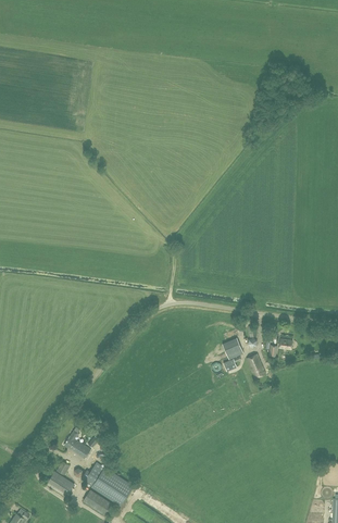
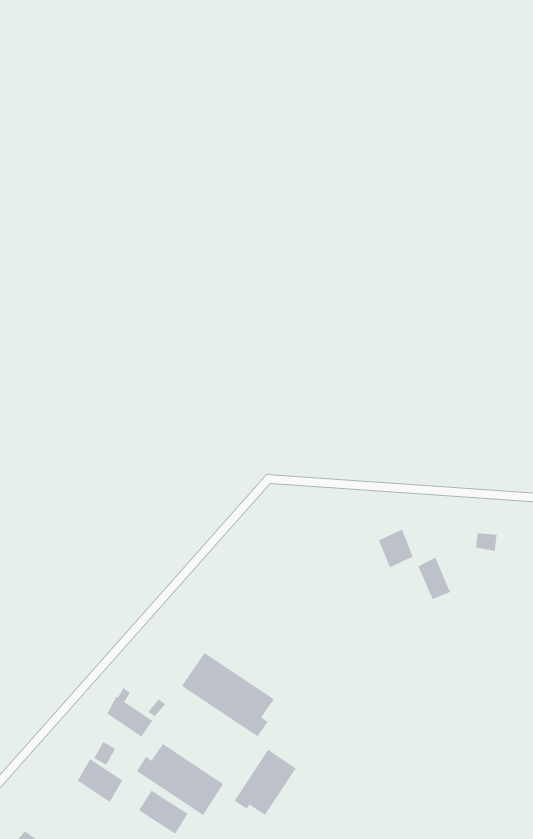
building: none -> [181,652,274,737]
building: none -> [234,749,297,816]

